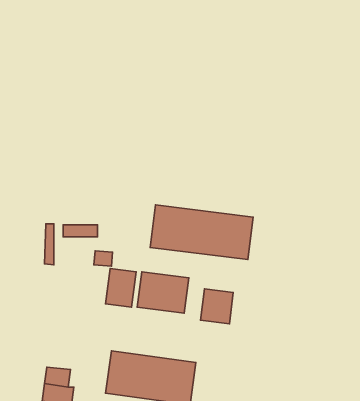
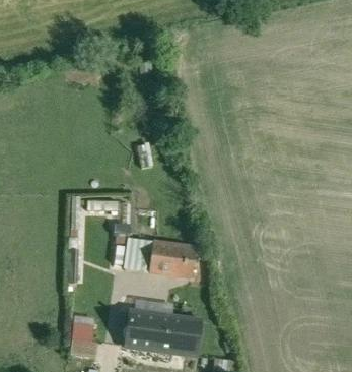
building: [150,205,253,260] -> none
building: [201,289,233,324] -> none

